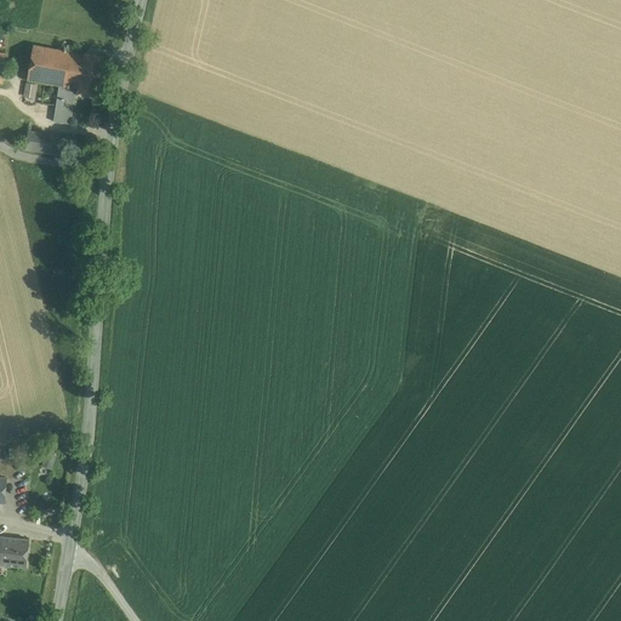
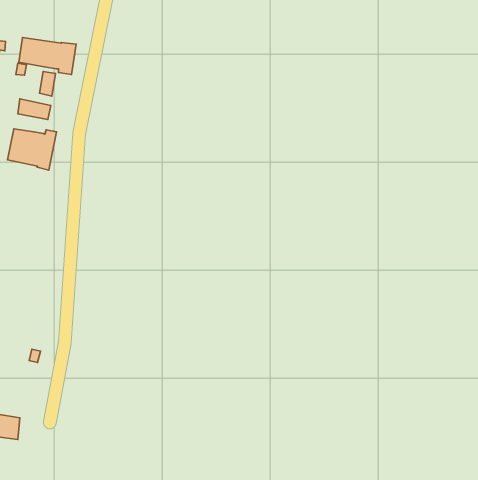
building: none -> [8,129,56,170]

